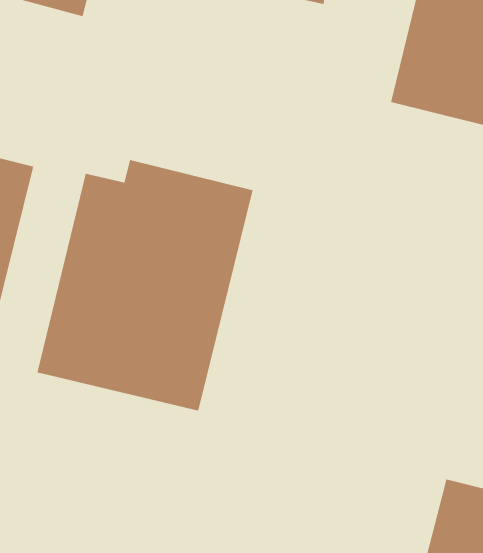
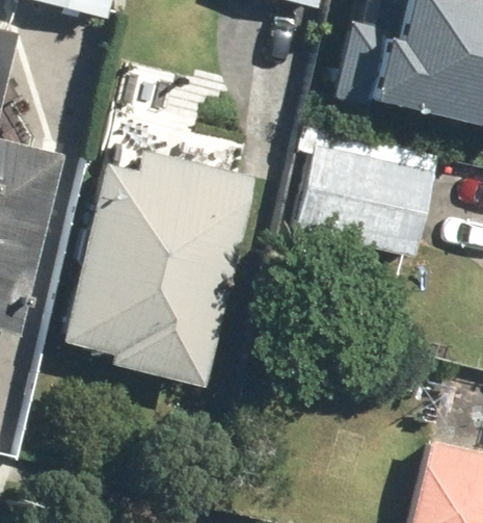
building: none -> [297,143,437,257]

